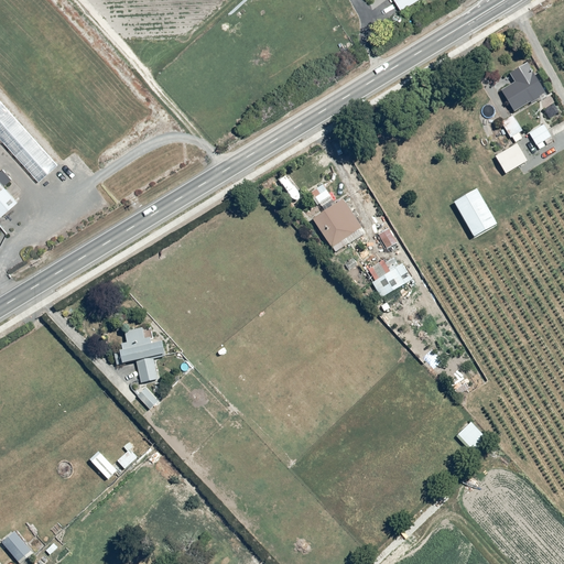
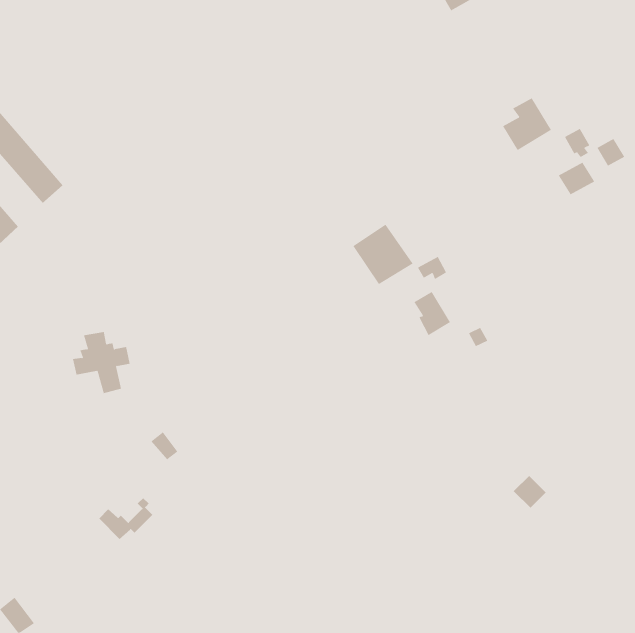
building: [500,64,544,111] -> [502,97,552,151]
building: [453,187,497,237] -> none
building: [113,326,165,381] -> [72,332,131,394]

